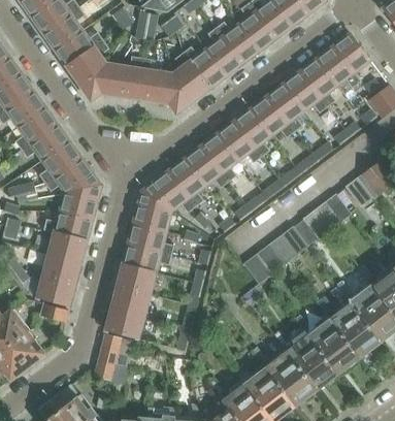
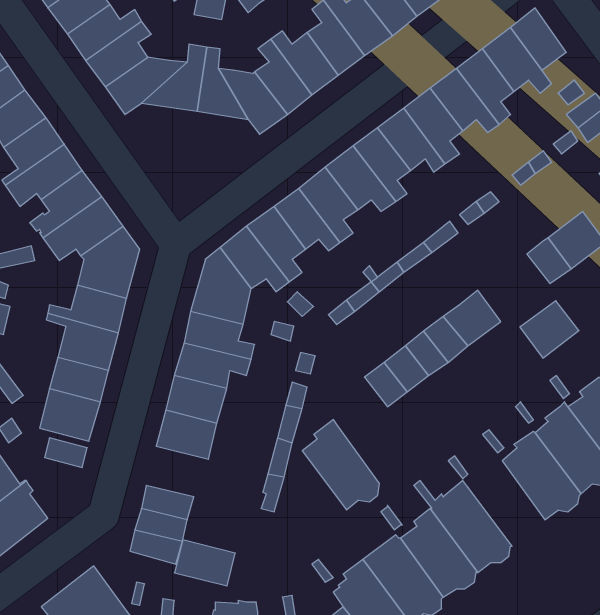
building: [312,194,350,230] -> [520,301,579,358]
building: [105,309,143,337] -> [174,540,235,586]
building: [306,315,355,371] -> [302,420,379,510]

